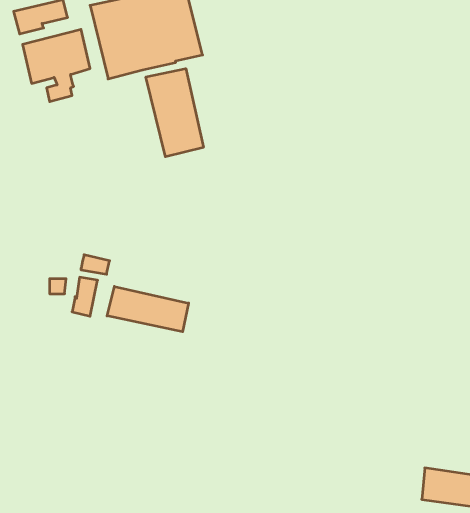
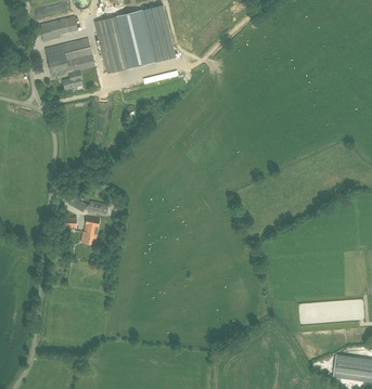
building: [146,69,203,157] -> none
building: [107,286,189,332] -> none

